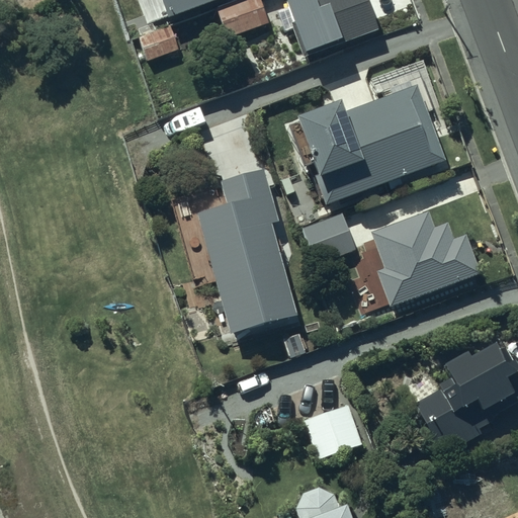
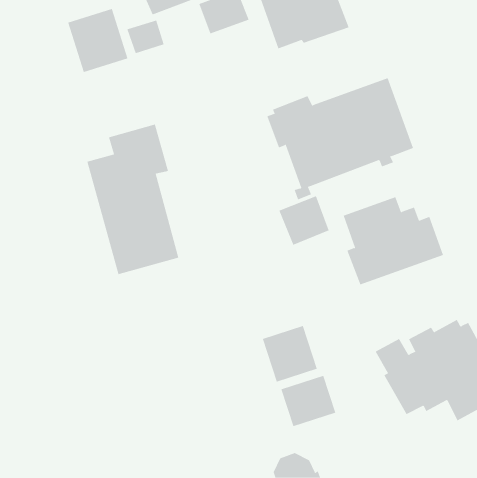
building: none -> [68,8,128,73]
building: [187,172,286,334] -> [87,124,179,275]
building: none -> [262,325,317,382]

